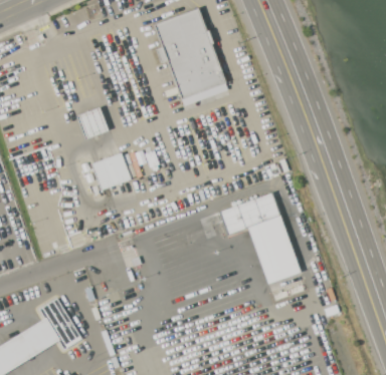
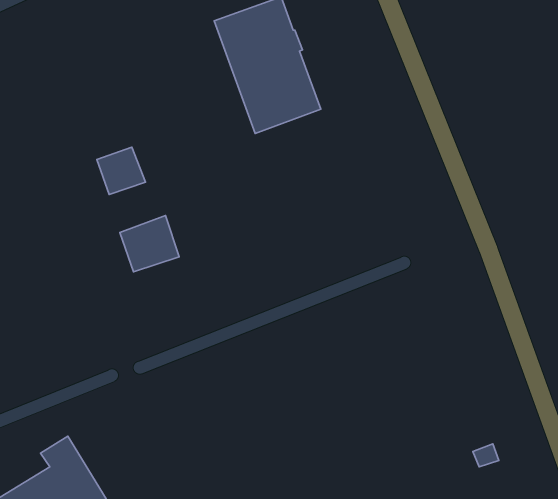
building: [220,193,302,284] -> none

